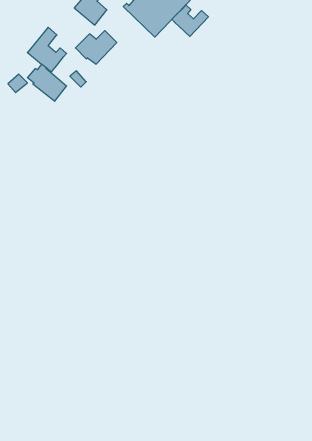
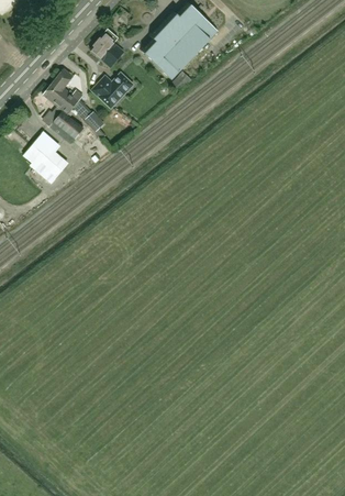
building: [172,5,208,36] -> none
building: none -> [23,133,68,179]

